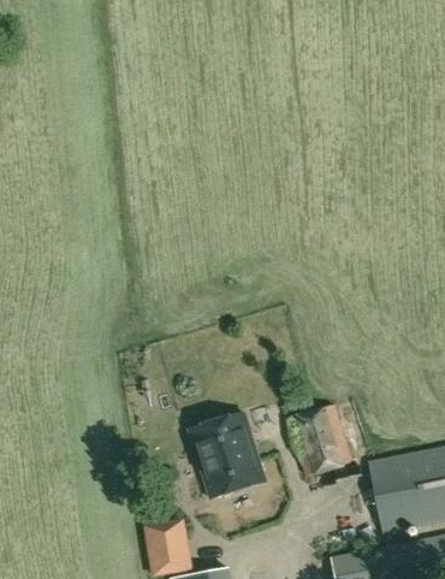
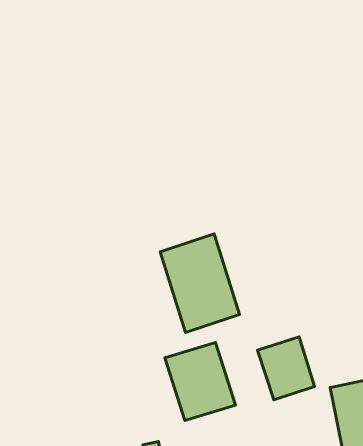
building: none -> [160,234,240,332]

